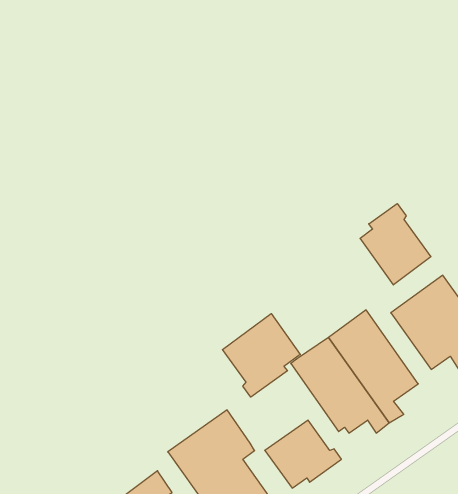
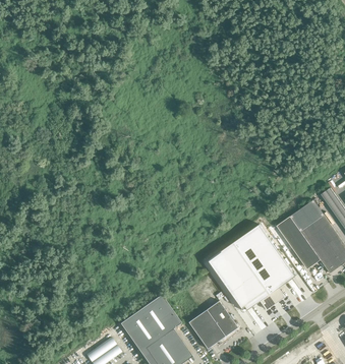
building: [360,204,431,285] -> none
building: [222,314,300,397] -> none

